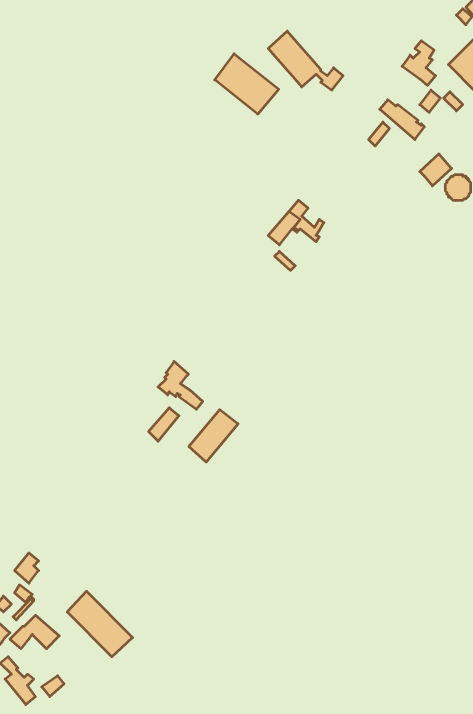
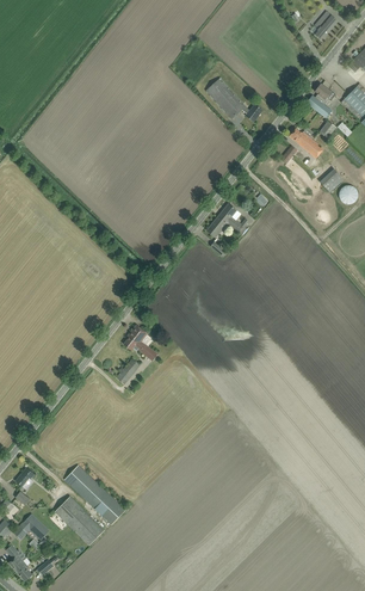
building: [215,54,279,114] -> none
building: [189,410,238,462] -> none
building: none -> [63,464,124,524]

